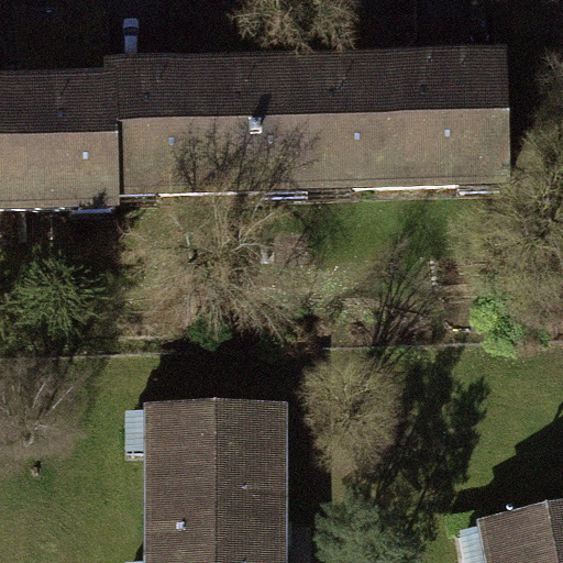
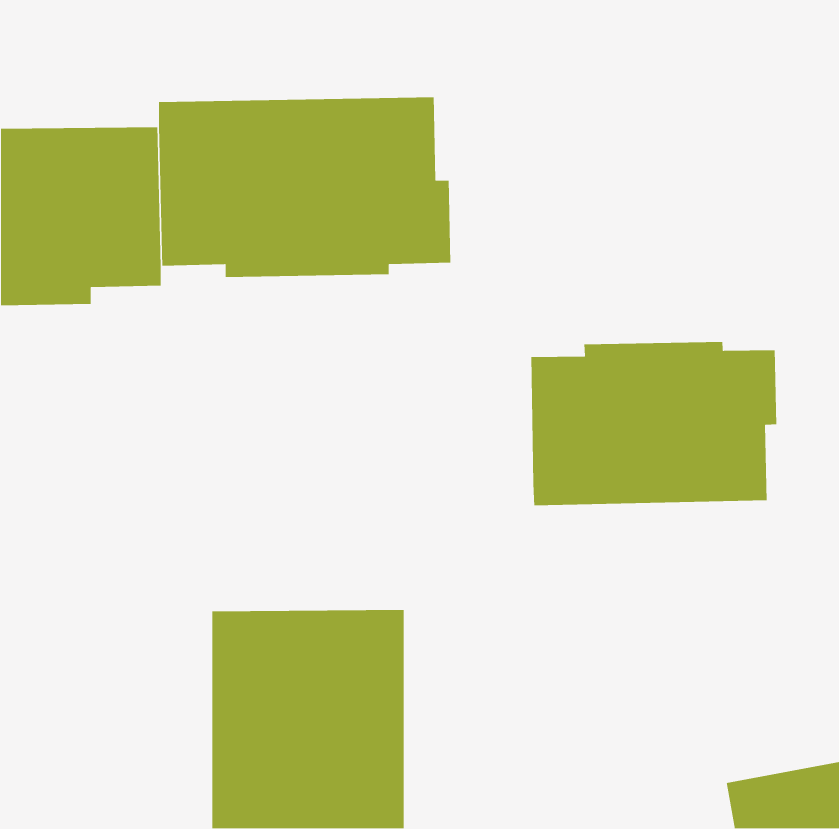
building: [295,60,504,179] -> none
building: none -> [530,341,777,506]

